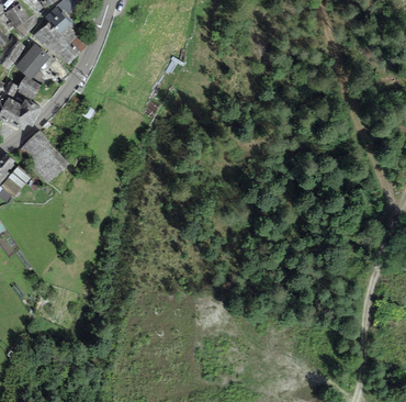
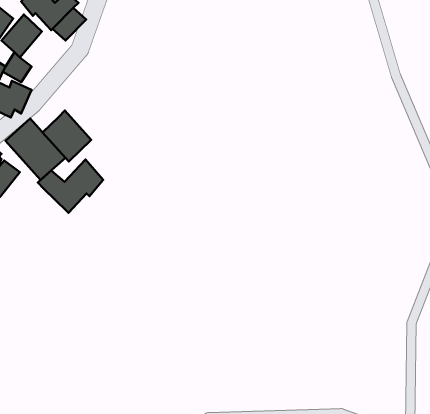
building: none -> [43,111,91,162]
building: none -> [38,159,103,213]

